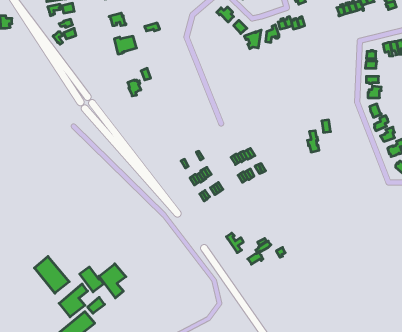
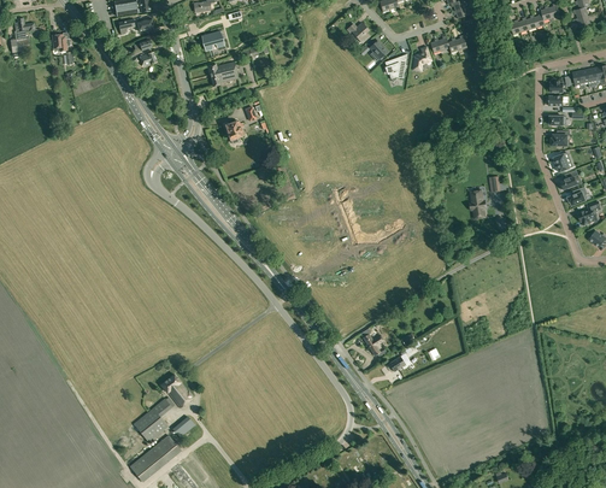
building: [34,256,69,293] -> none
building: [99,264,126,298] -> none

